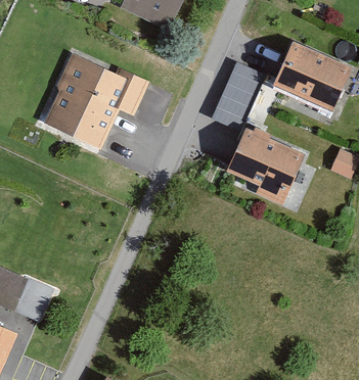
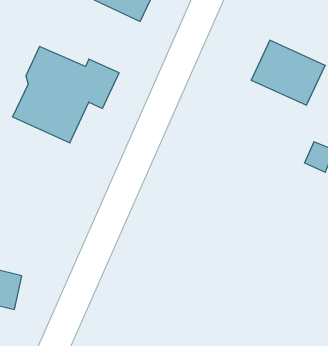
building: [212,60,262,128] -> none
building: [228,130,305,204] -> none

